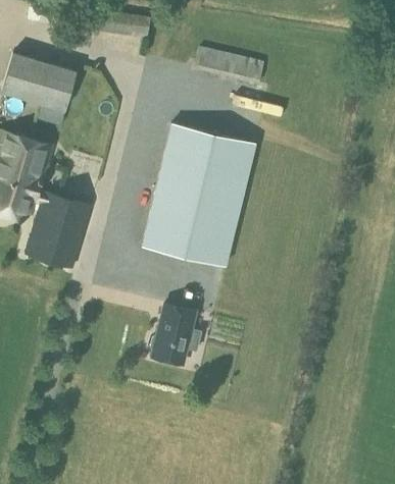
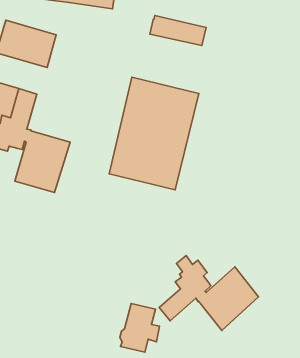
building: [151,304,201,365] -> [120,304,160,352]
building: none -> [159,256,258,330]

